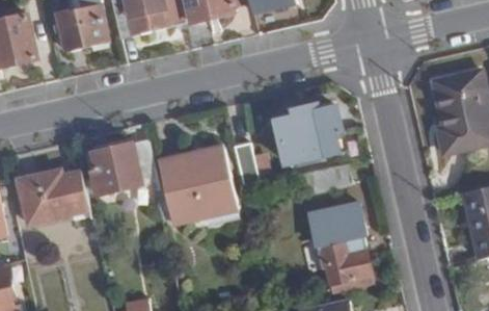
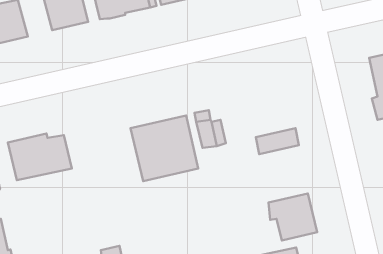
building: [277,107,336,163] -> none
building: [91,138,159,195] -> none
building: [301,201,363,249] -> none

